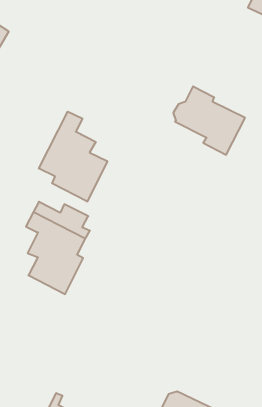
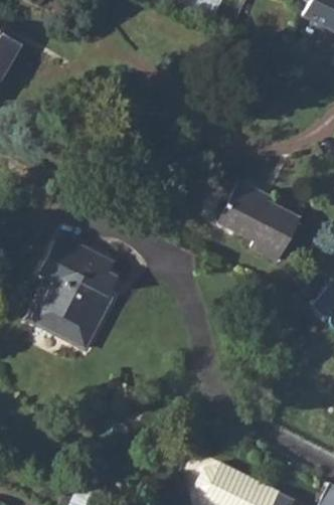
building: [173,86,245,155] -> [214,180,299,261]
building: [39,112,107,202] -> none

